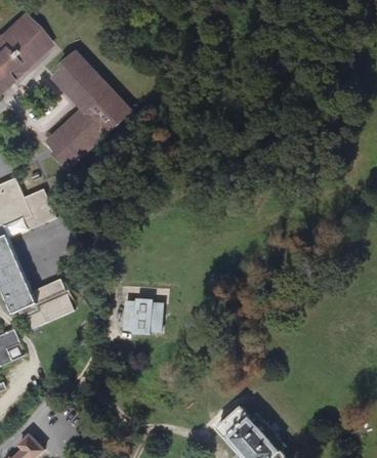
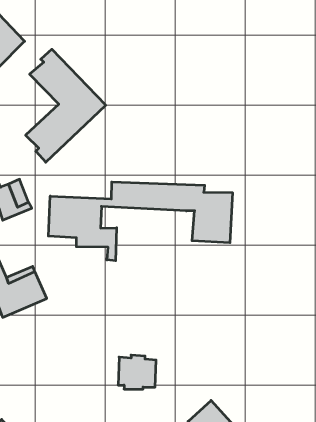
building: none -> [48,182,232,261]
building: [120,299,159,334] -> [118,355,156,389]

